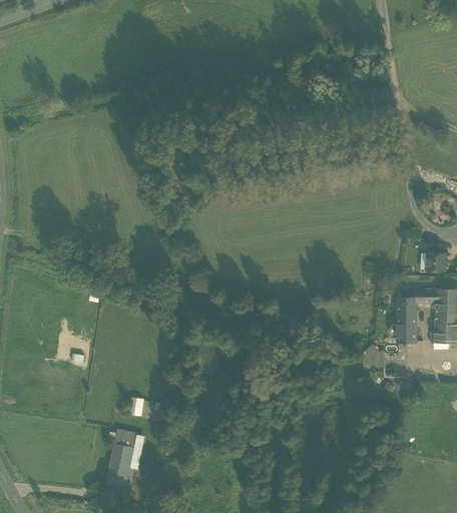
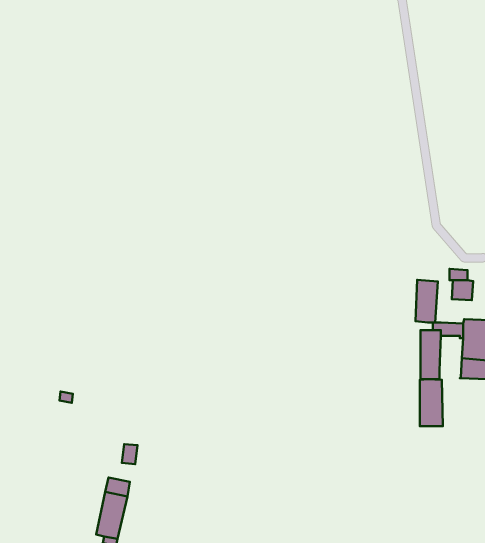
building: none -> [416,280,438,323]
building: none -> [420,379,443,426]

